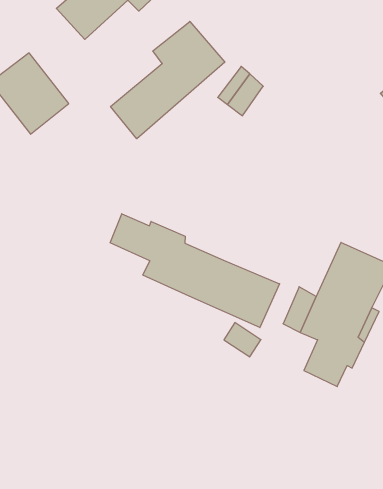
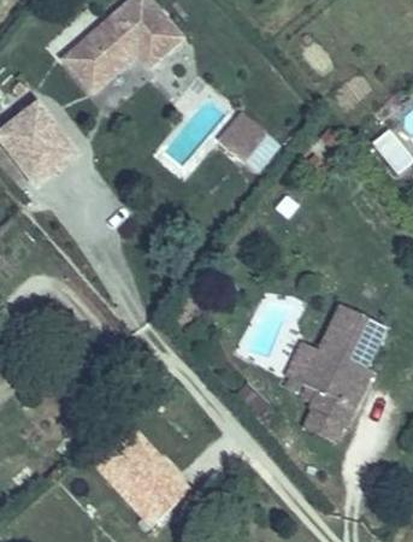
building: [111,21,225,139] -> none
building: [110,214,280,328] -> none

